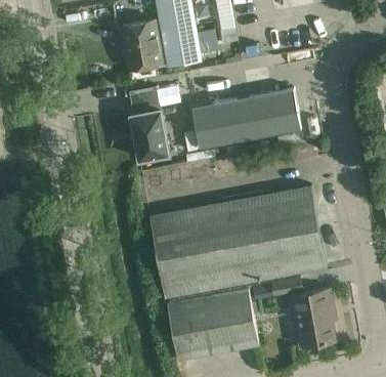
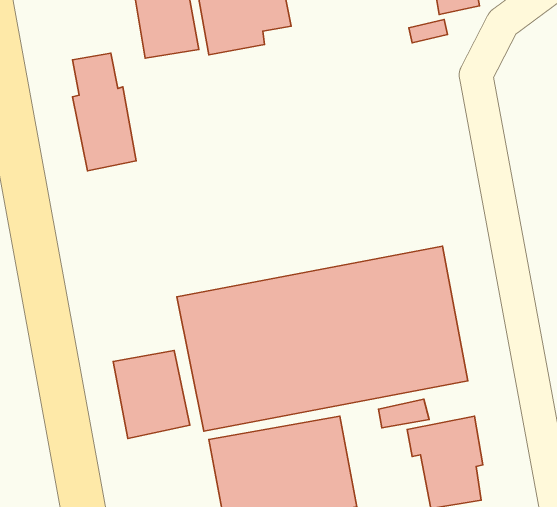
building: [129,89,168,161] -> [72,53,136,171]
building: [190,90,299,150] -> none
building: none -> [113,350,190,438]

